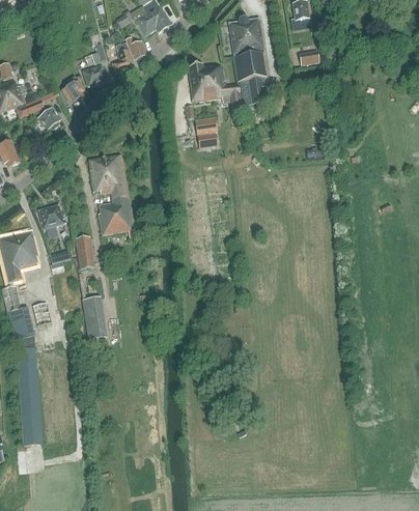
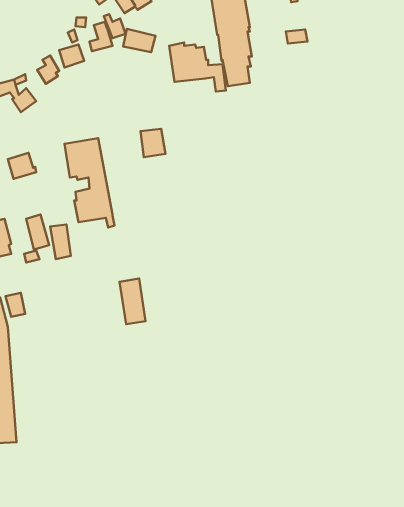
building: none -> [123,29,156,52]
building: [195,117,219,144] -> [141,129,166,157]
building: [38,204,65,229] -> [8,153,36,179]
building: [82,296,107,340] -> [119,279,146,324]

